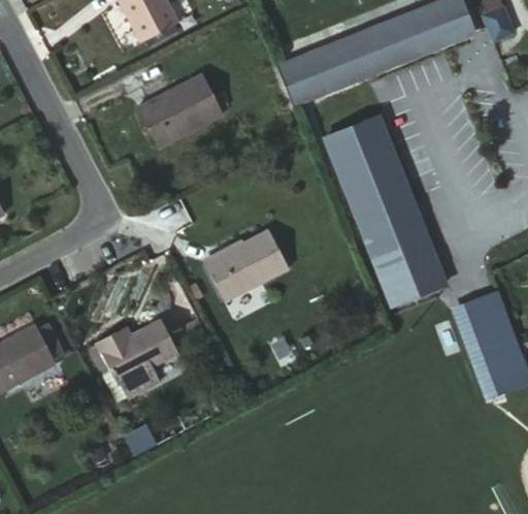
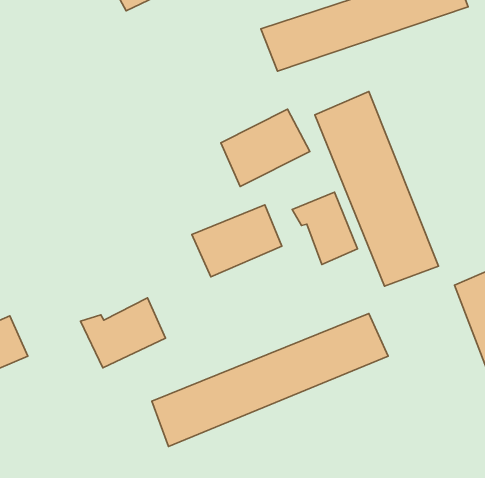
building: [139,73,226,149] -> [221,109,310,186]
building: none -> [292,192,358,264]
building: none -> [152,313,388,446]

